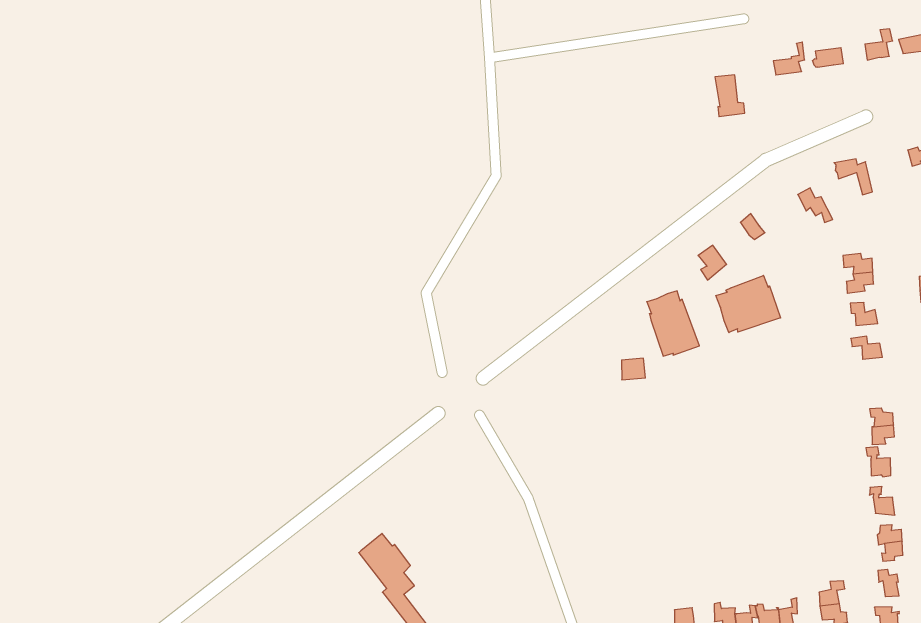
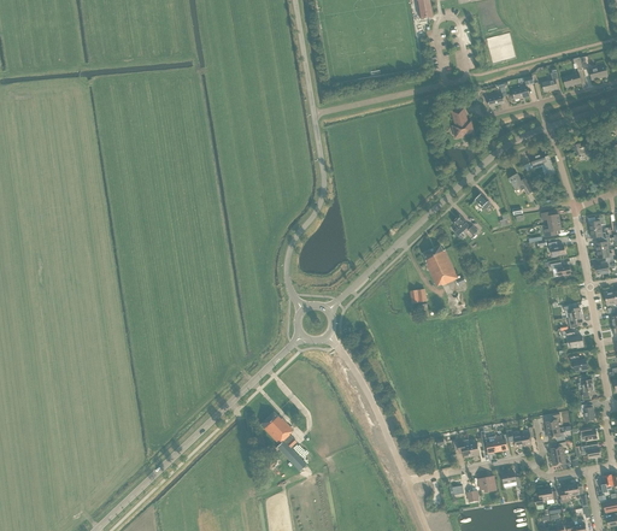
building: [716,275,781,333] -> none

